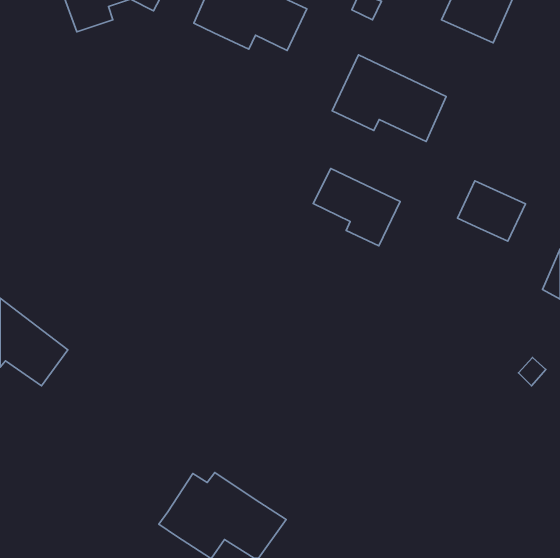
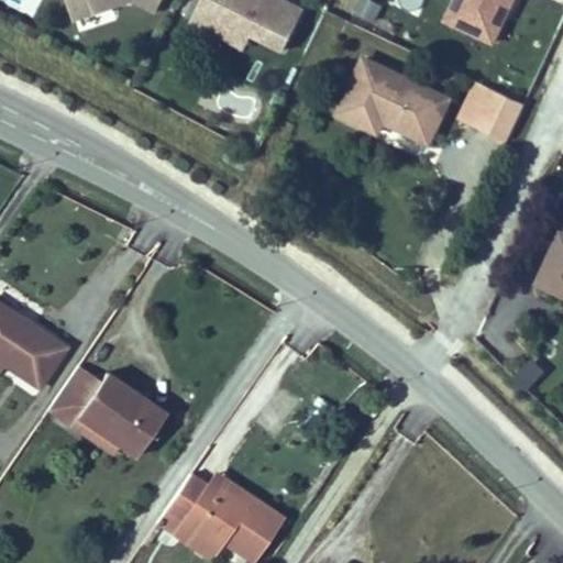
building: [313,169,400,246] -> none
building: [457,181,525,241] -> [459,80,527,141]
building: none -> [48,366,166,462]

